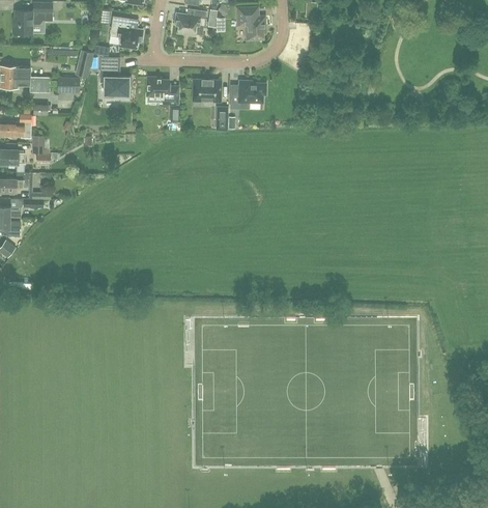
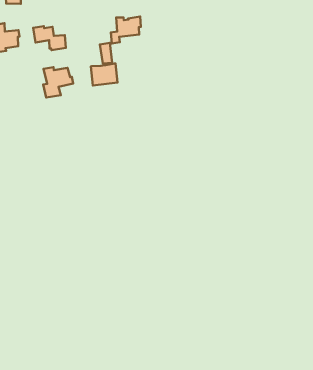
building: [192,78,221,101] -> [91,63,118,86]
building: none -> [43,67,73,98]

